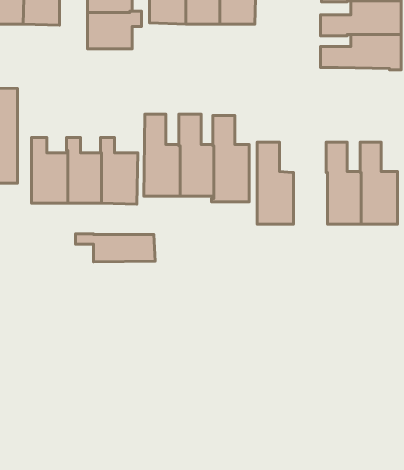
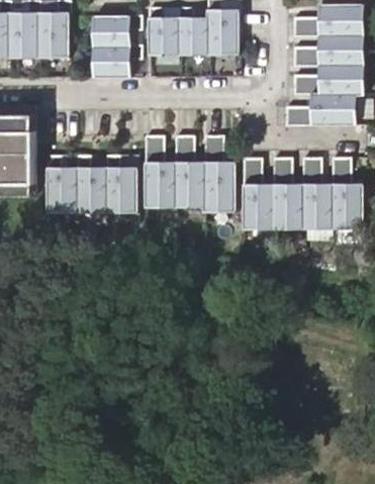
building: none -> [282,94,353,126]
building: none -> [269,159,299,229]
building: [75,234,155,262] -> none

